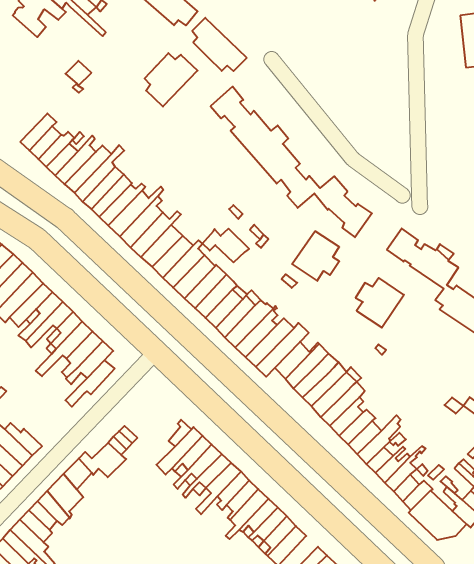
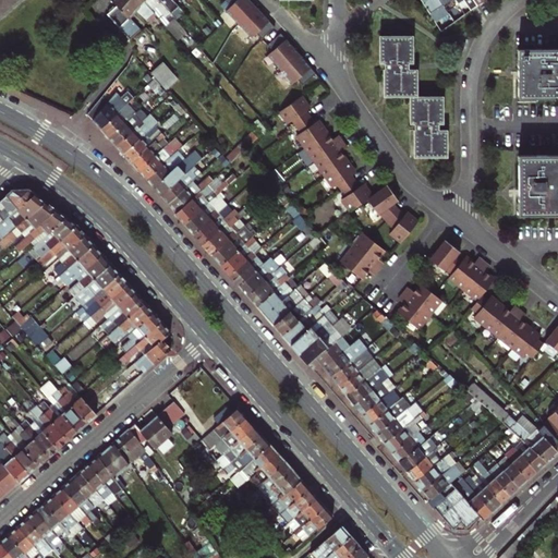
building: none -> [377,36,447,157]
building: [145,53,198,107] -> none
building: none -> [89,98,129,132]
building: [202,229,249,262] -> none

